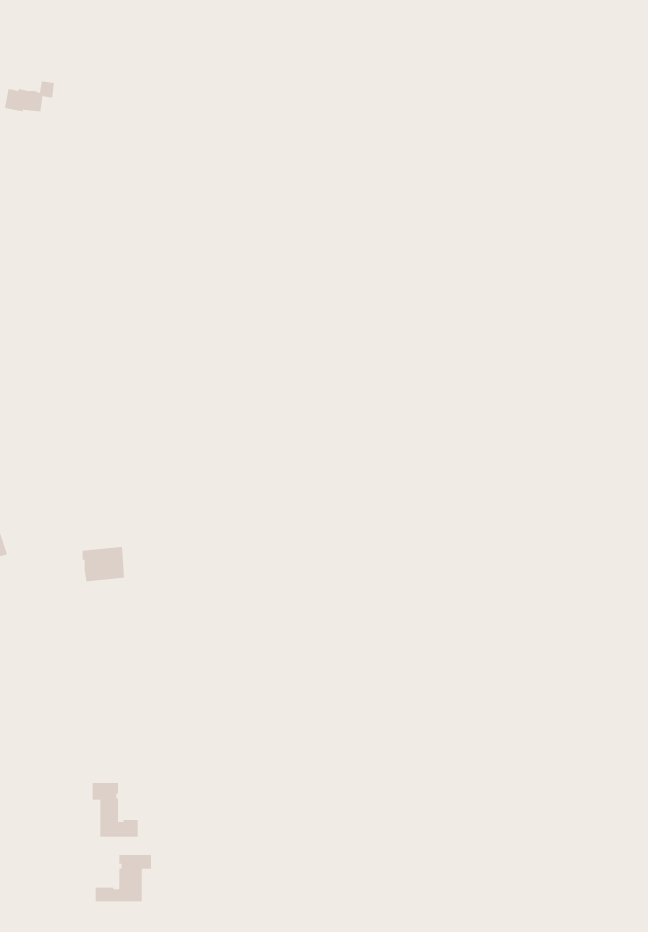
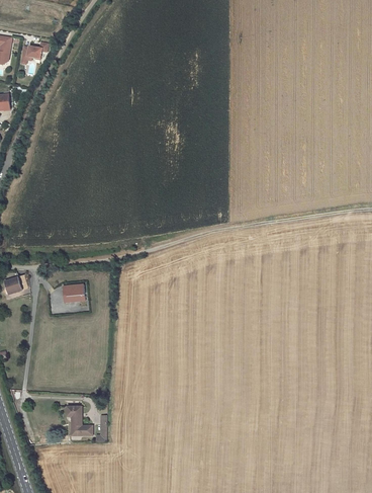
building: [95,854,152,902] -> none

